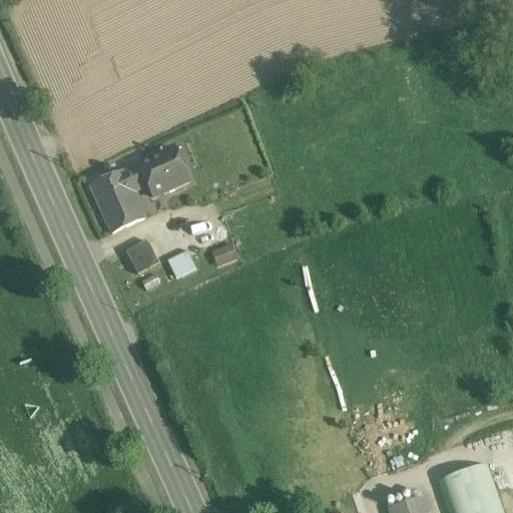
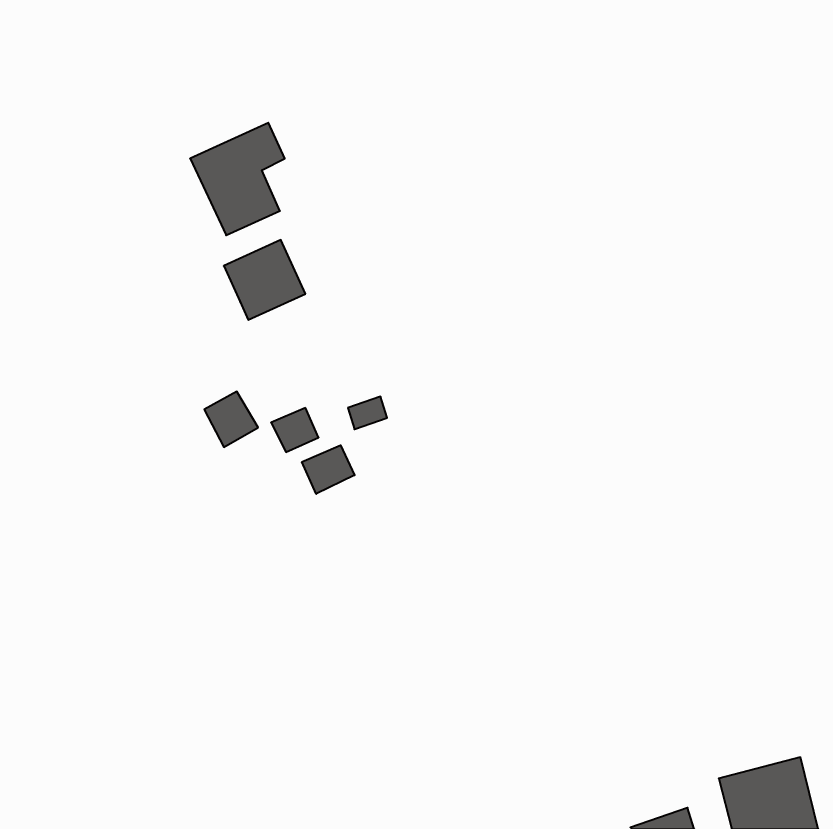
building: [89,163,147,232] -> [190,123,285,235]
building: none -> [302,445,355,494]

